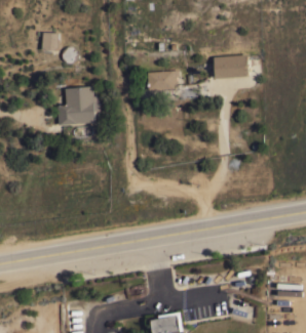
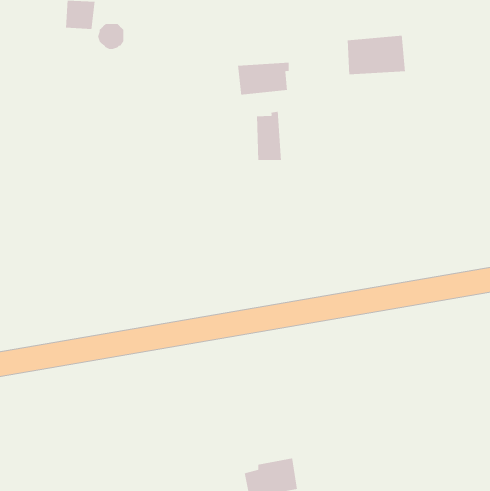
building: [58,86,100,125] -> none
building: none -> [256,111,282,161]

